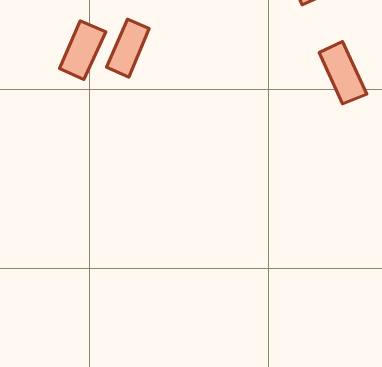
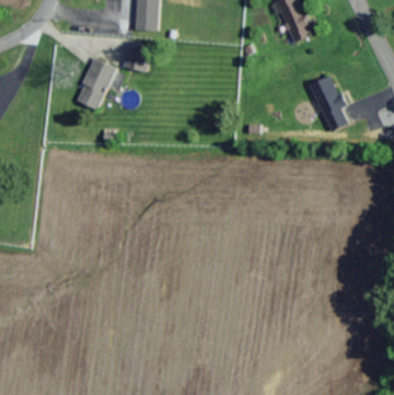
building: [107,19,149,77] -> none

